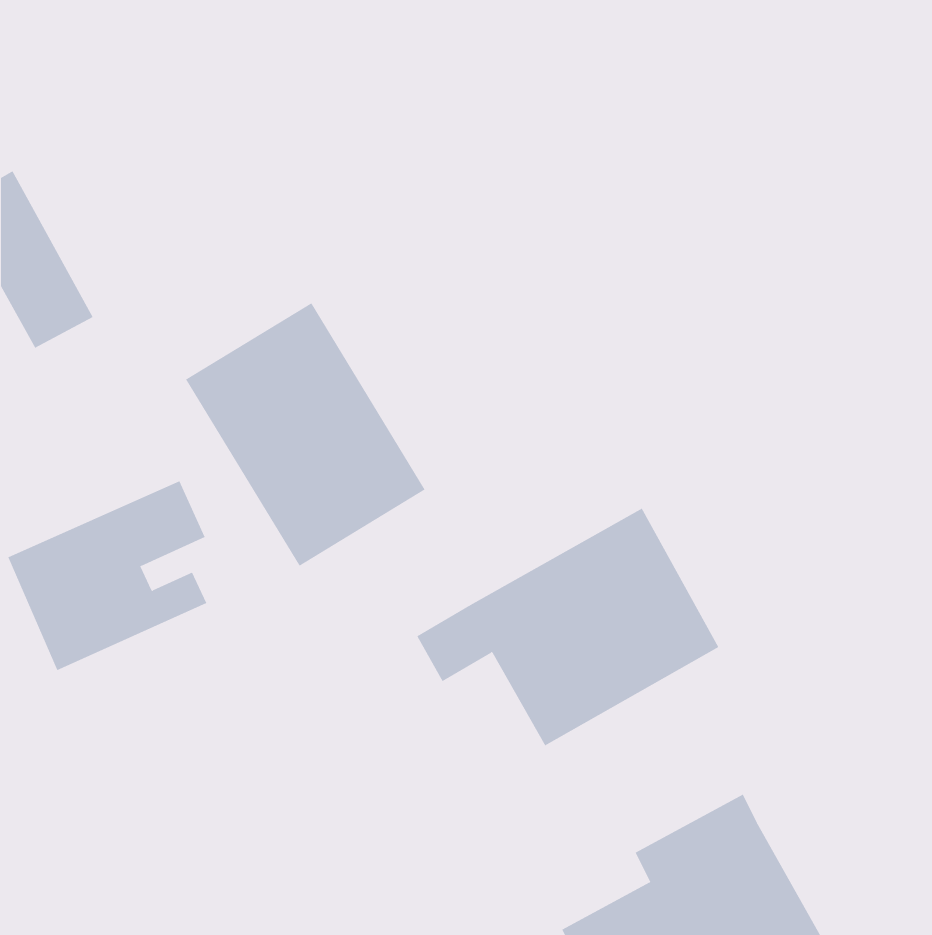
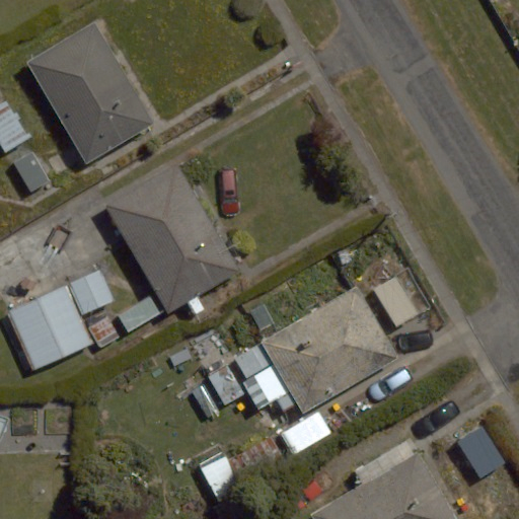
building: none -> [23,26,148,168]

